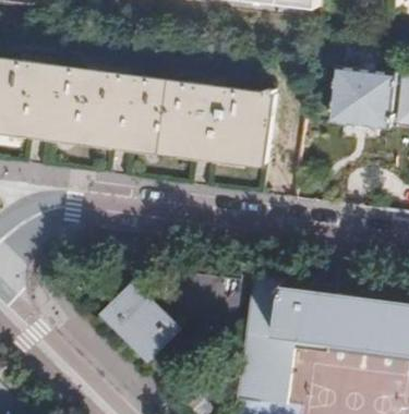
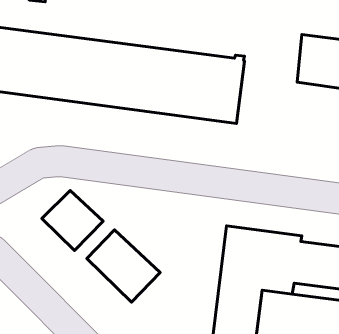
building: none -> [42,191,103,250]

